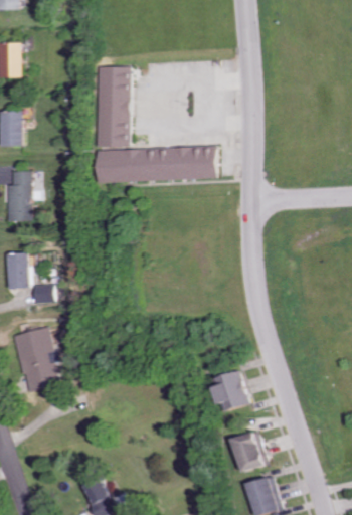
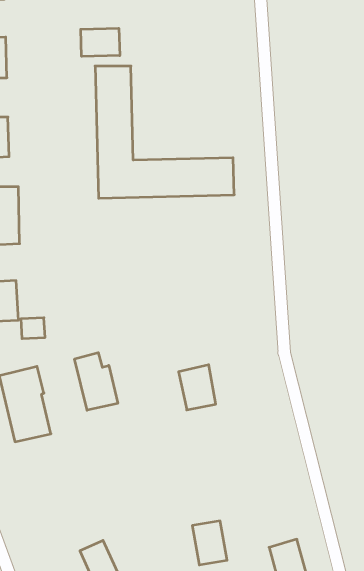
building: none -> [81,28,120,56]
building: none -> [75,353,118,410]
building: [218,371,250,410] -> [179,365,216,410]
building: [235,433,266,471] -> [192,521,227,565]

